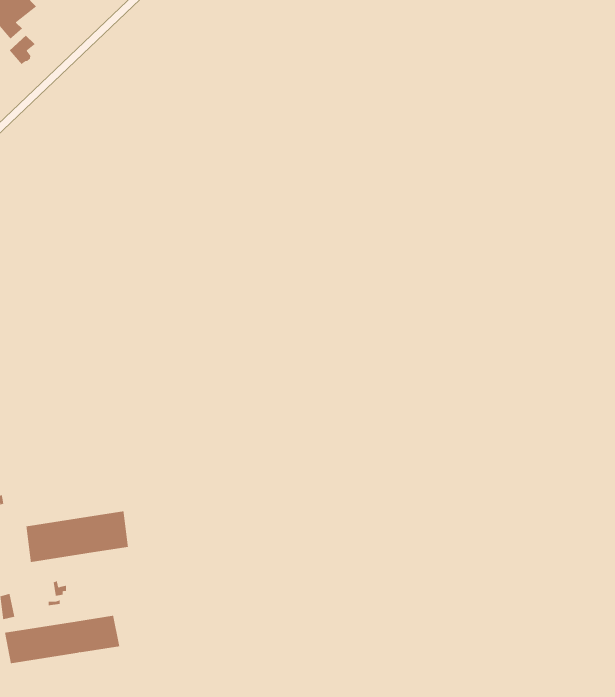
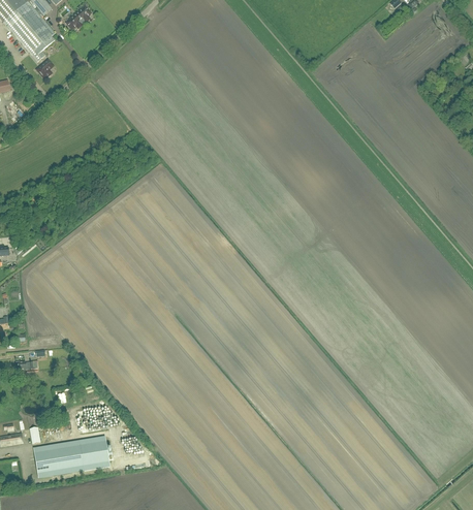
building: [26,510,128,563] -> none

